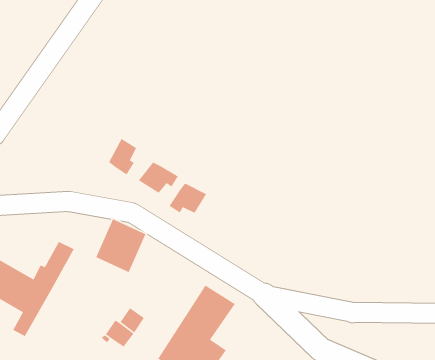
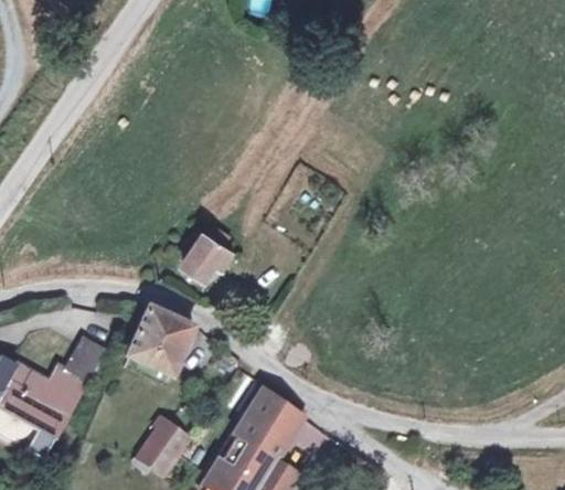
building: [108,138,137,175] -> none
building: [169,183,207,214] -> none

